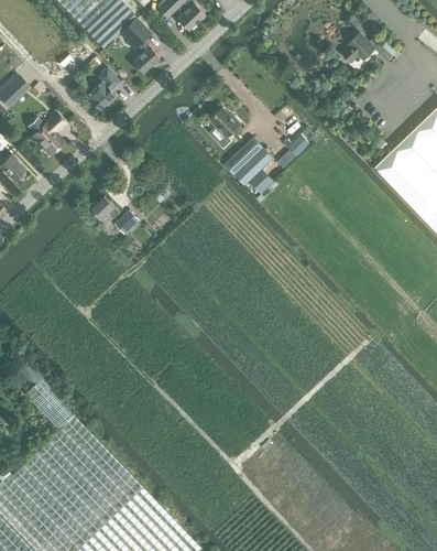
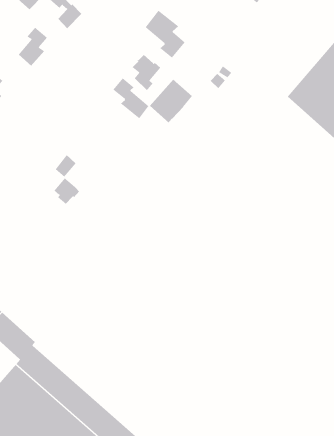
building: none -> [145,10,186,59]
building: none -> [113,78,149,119]
building: [91,196,120,226] -> [54,178,80,205]

